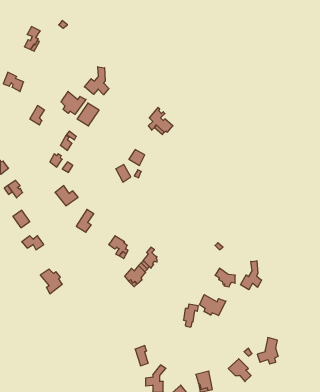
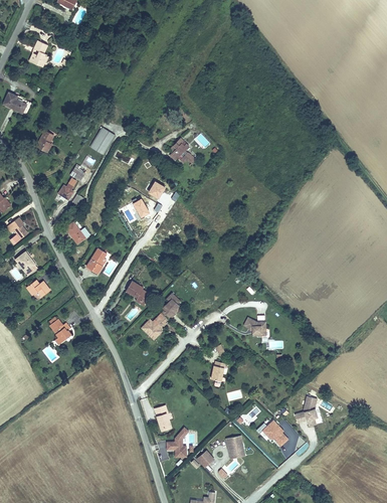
building: [84,67,109,95] -> none
building: [61,91,86,114] -> none
building: [241,261,262,290] -> none
building: [200,295,226,316] -> none

